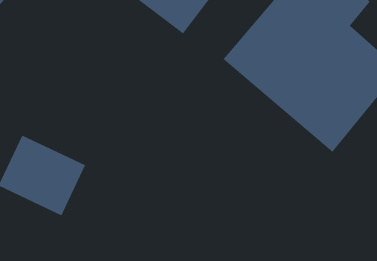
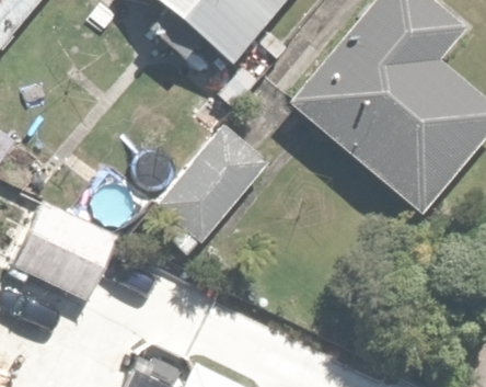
building: none -> [137,116,275,268]

